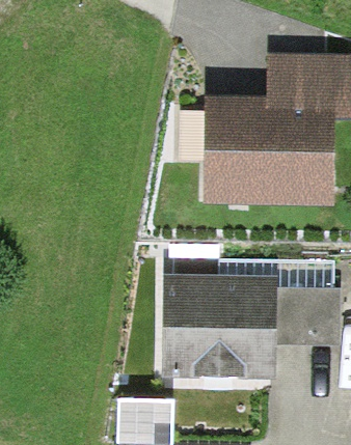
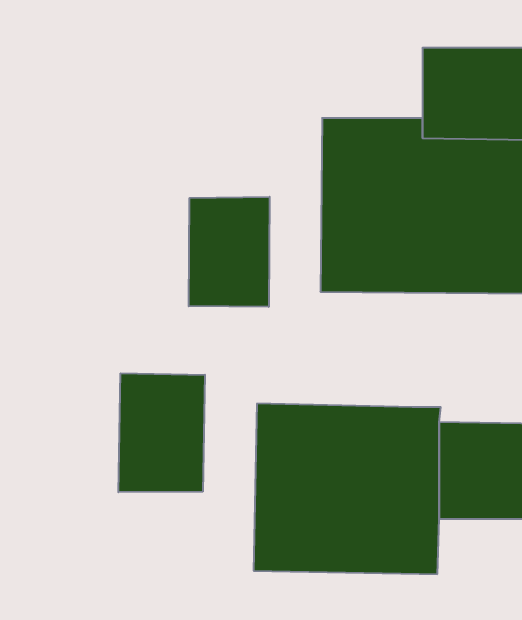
building: none -> [189,197,270,307]
building: none -> [118,373,205,492]

